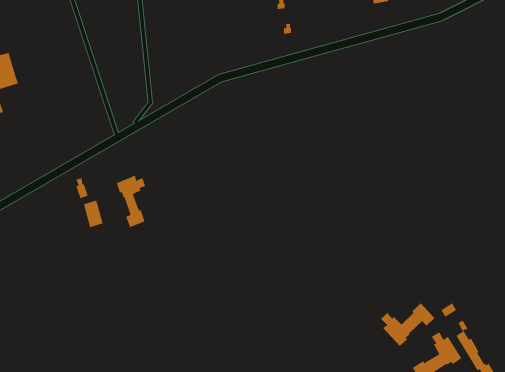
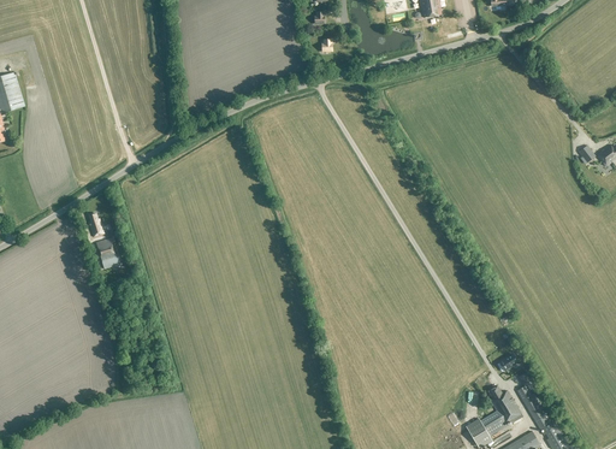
building: [116,175,146,228] -> none
building: [380,302,435,347] -> none

